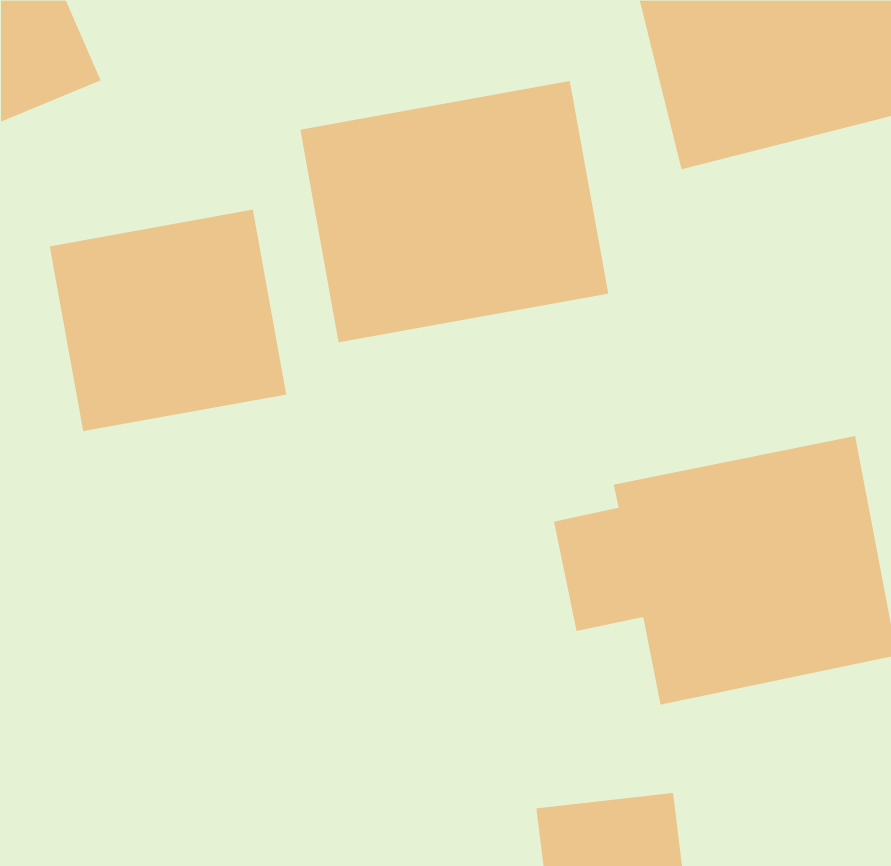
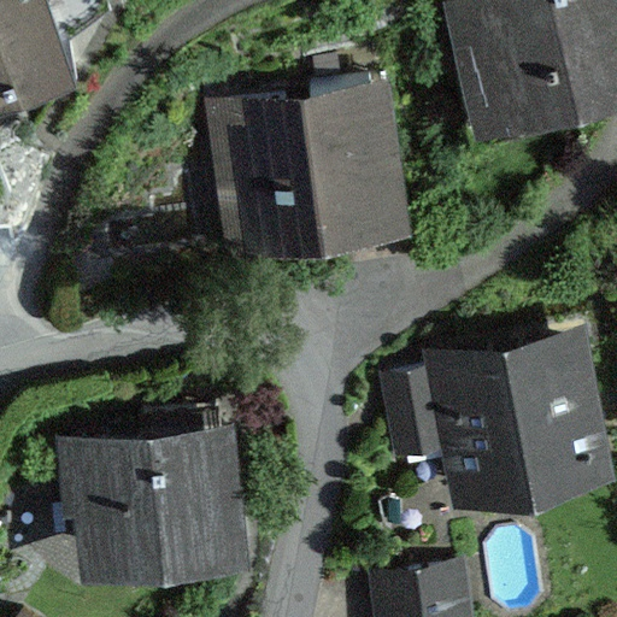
building: [49,209,287,432] -> none
building: none -> [48,411,242,572]

